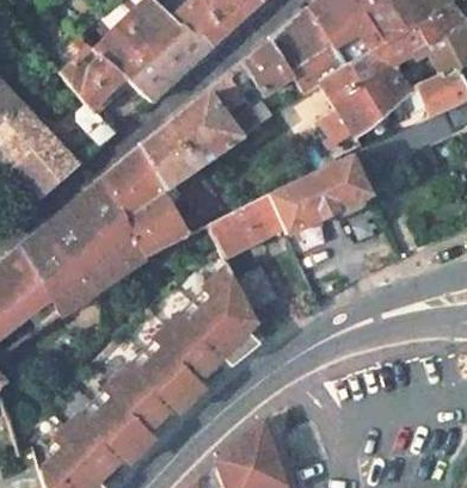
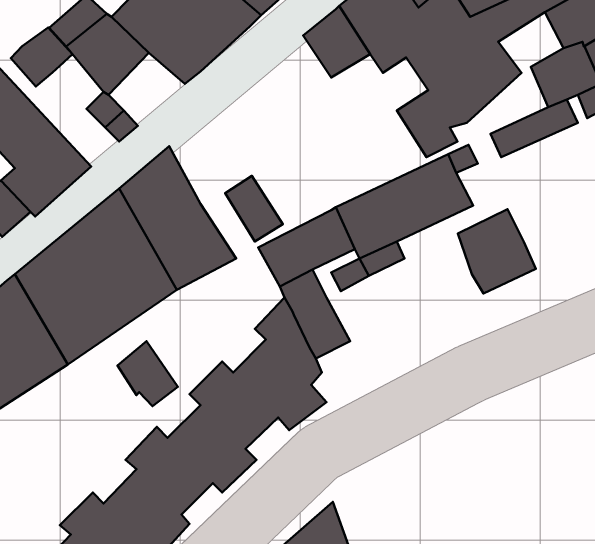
building: none -> [11,27,73,87]
building: [139,74,262,192] -> none
building: none -> [458,209,536,294]
building: none -> [117,341,178,406]

